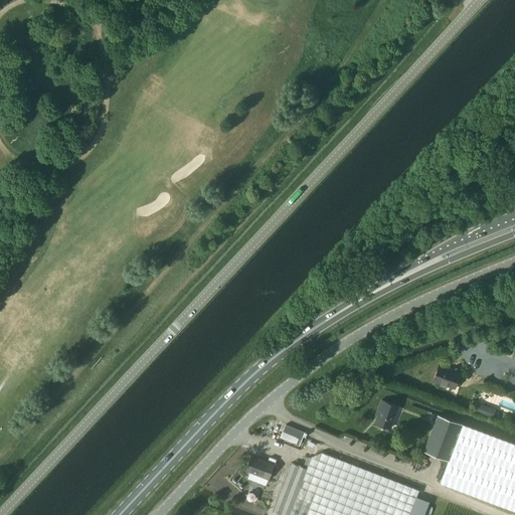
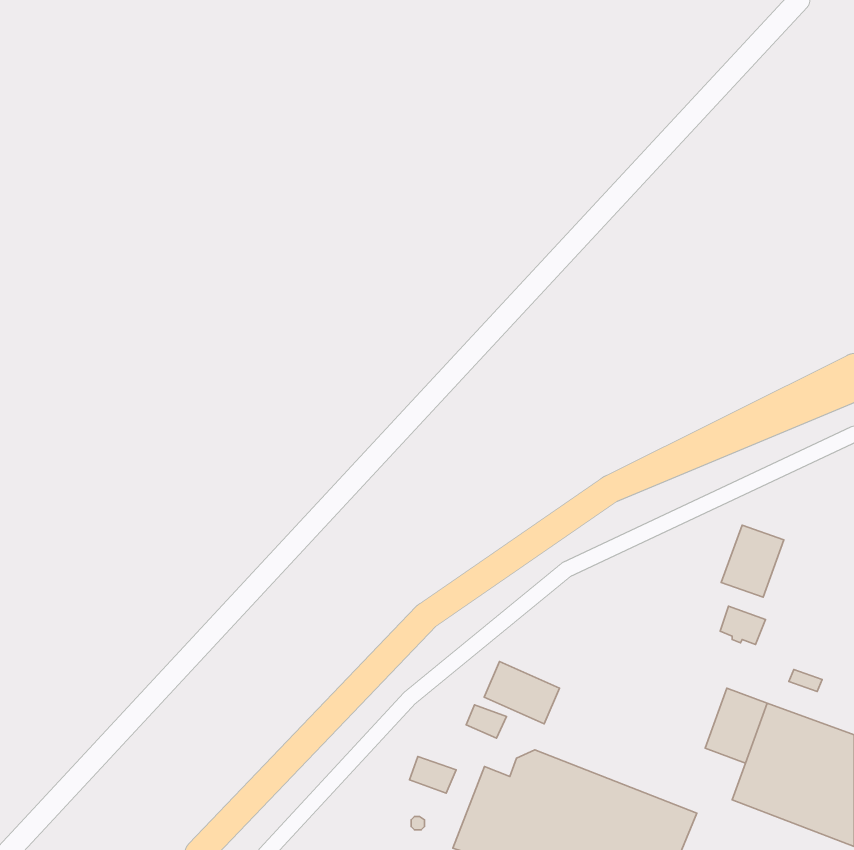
building: none -> [721,525,784,597]
building: none -> [484,662,559,724]
building: [375,401,398,430] -> none

